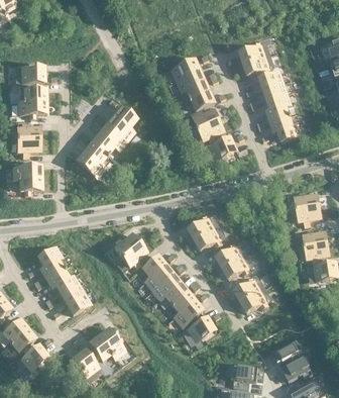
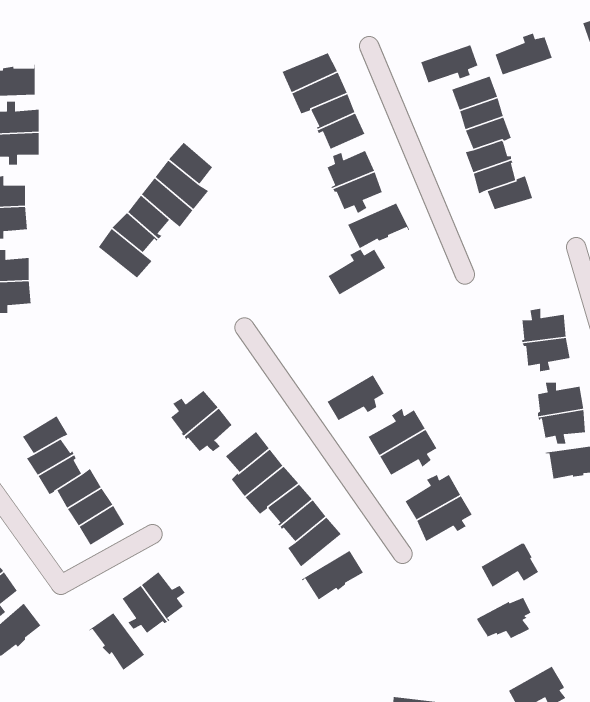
building: [238,42,268,65] -> [494,33,553,76]
building: [188,216,218,240] -> [328,249,386,296]
building: [281,358,312,382] -> [480,541,539,588]
building: [230,365,257,389] -> none

